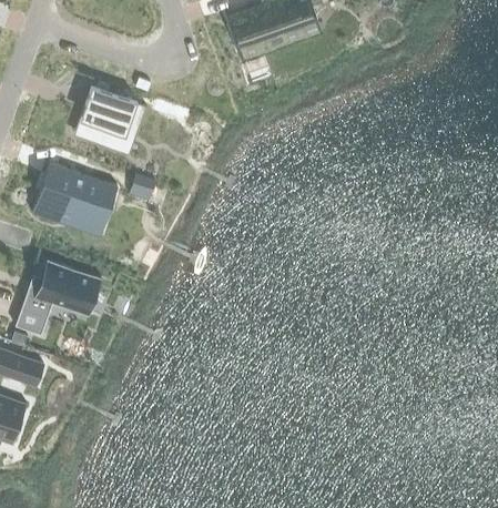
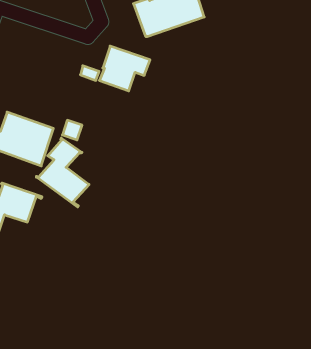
building: [78,88,146,149] -> [99,46,150,91]
building: none -> [36,138,89,207]

